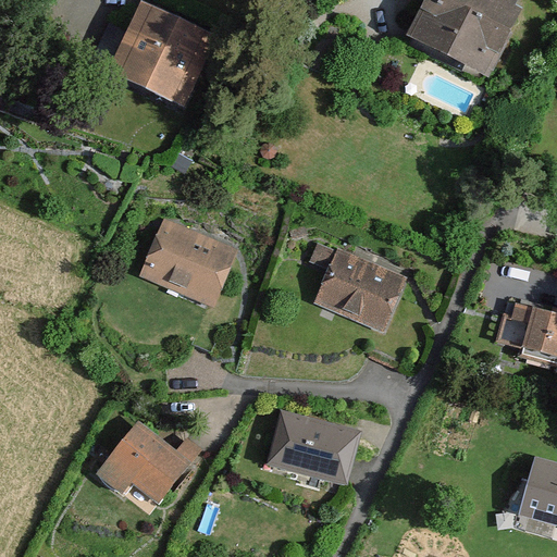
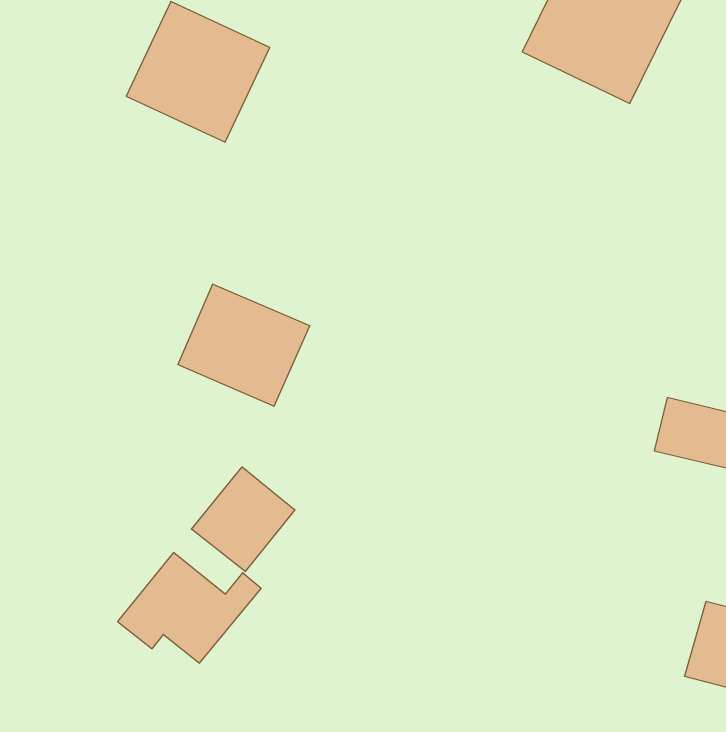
building: [317,246,409,331] -> none
building: none -> [191,467,295,572]
building: [267,411,358,484] -> none

